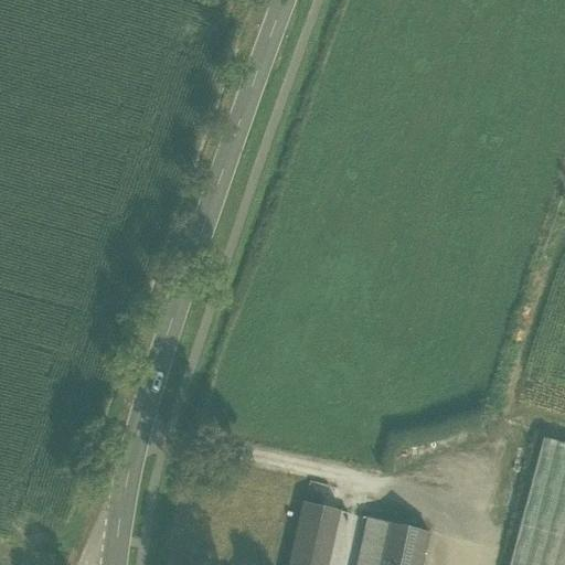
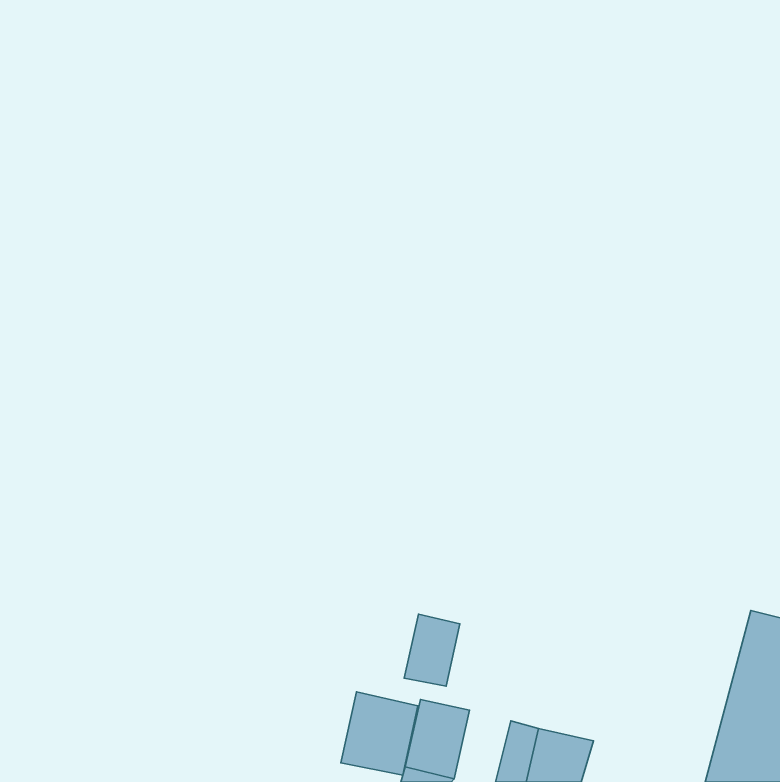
building: none -> [404,614,460,686]
building: none -> [341,692,418,775]

